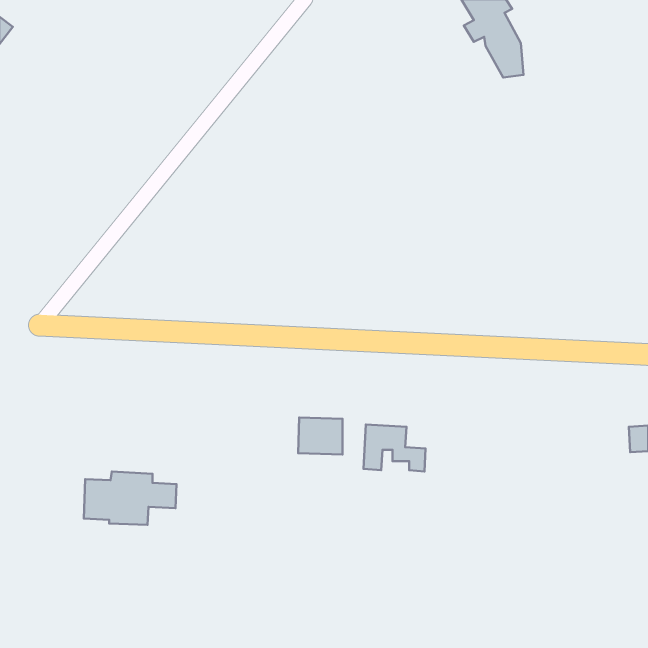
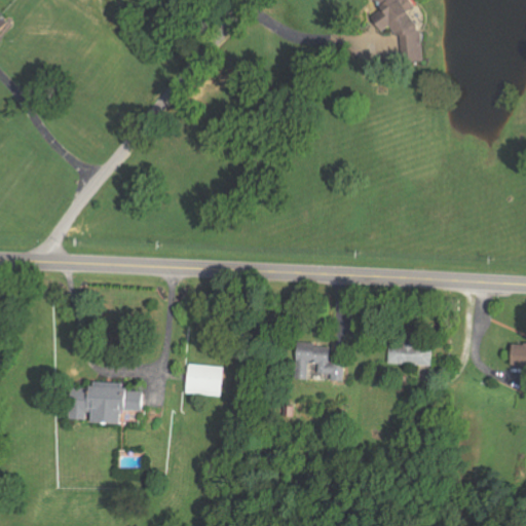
building: [298,418,343,455] -> [186,365,222,394]
building: none -> [387,340,430,365]

